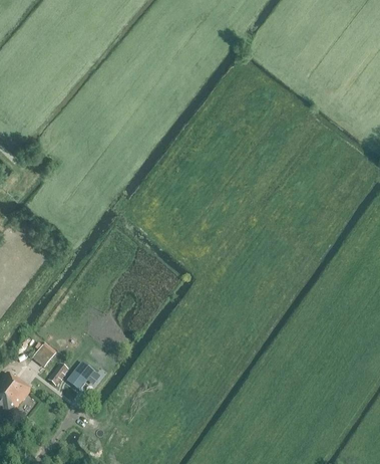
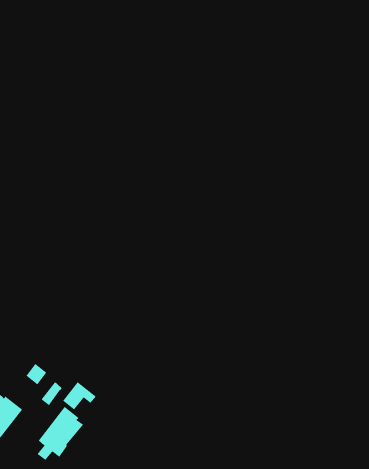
building: none -> [36,406,84,461]

